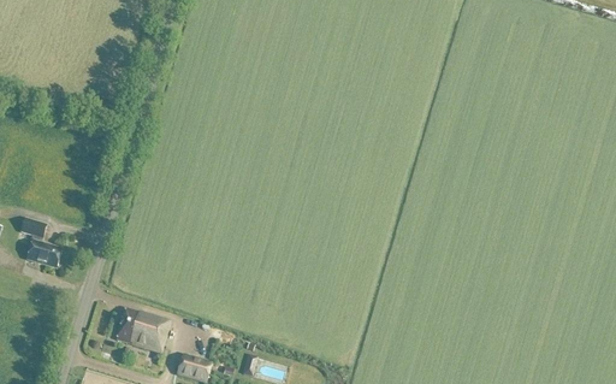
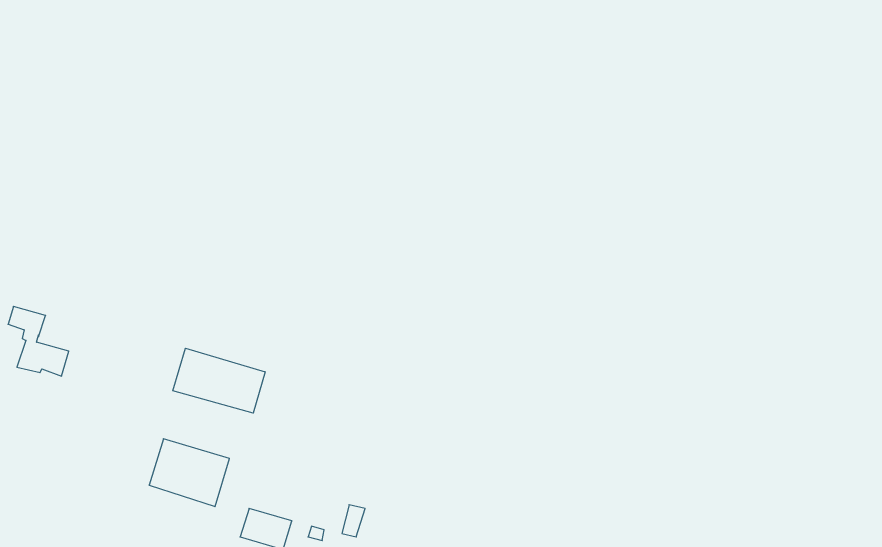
building: none -> [173,348,265,413]

